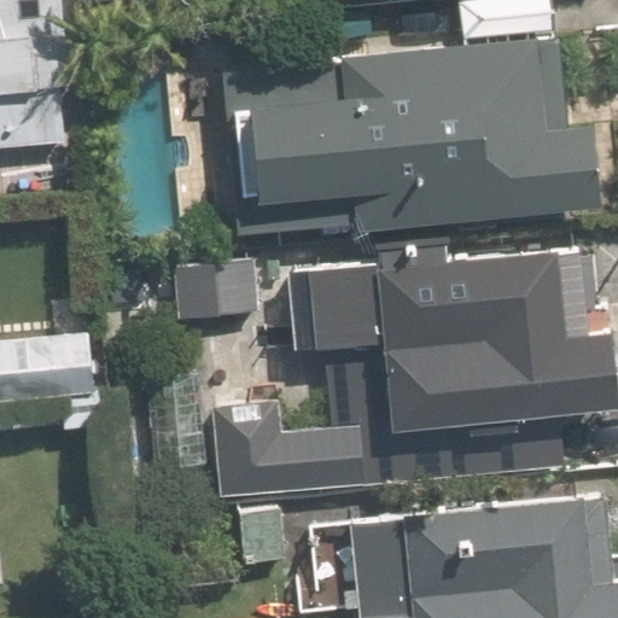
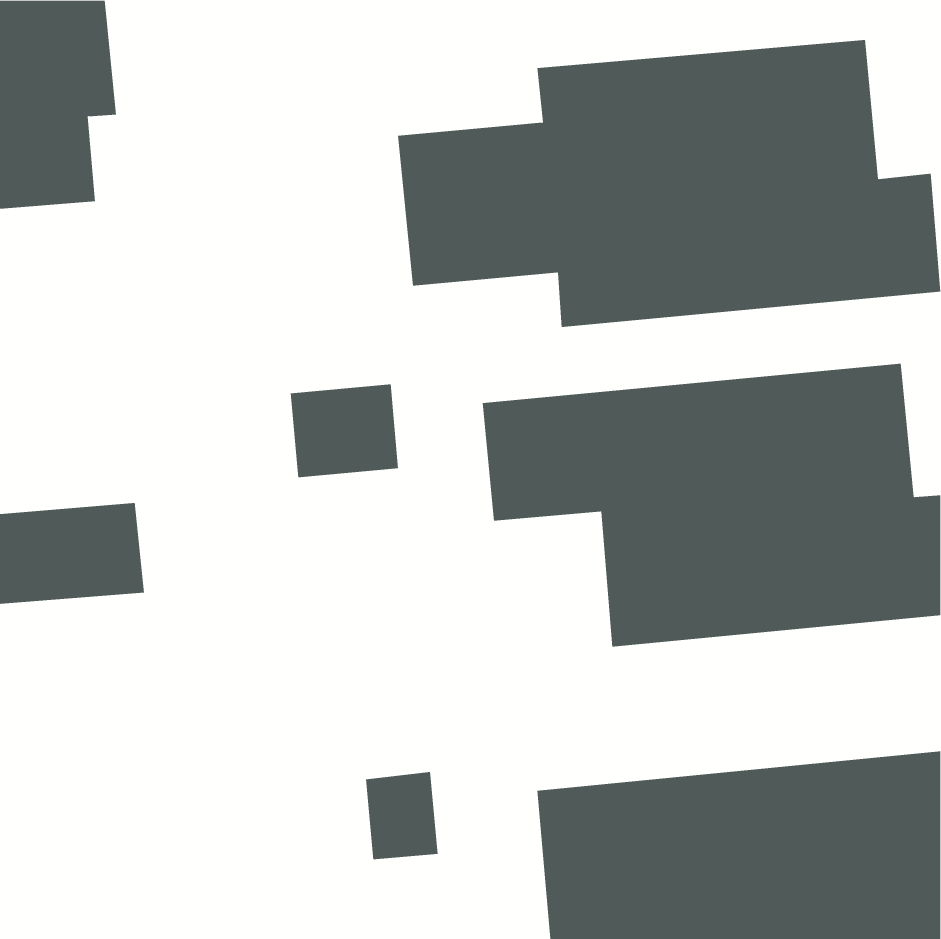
building: [205,403,362,501] -> none

